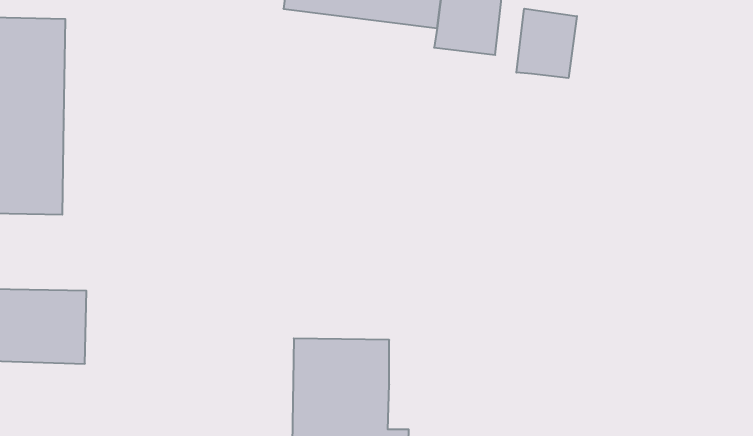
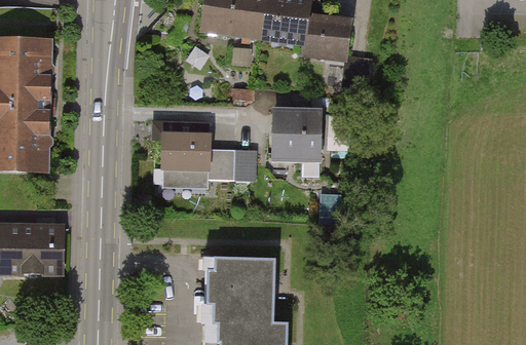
building: [516,9,577,78] -> none
building: none -> [271,107,321,161]
building: none -> [164,122,237,182]

